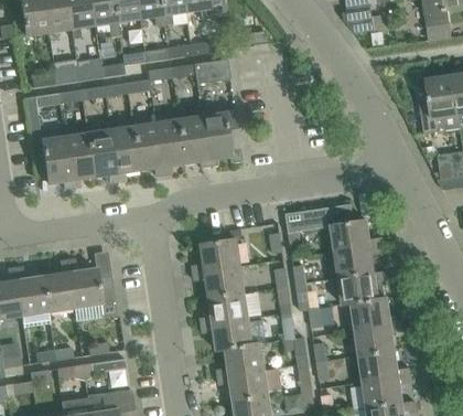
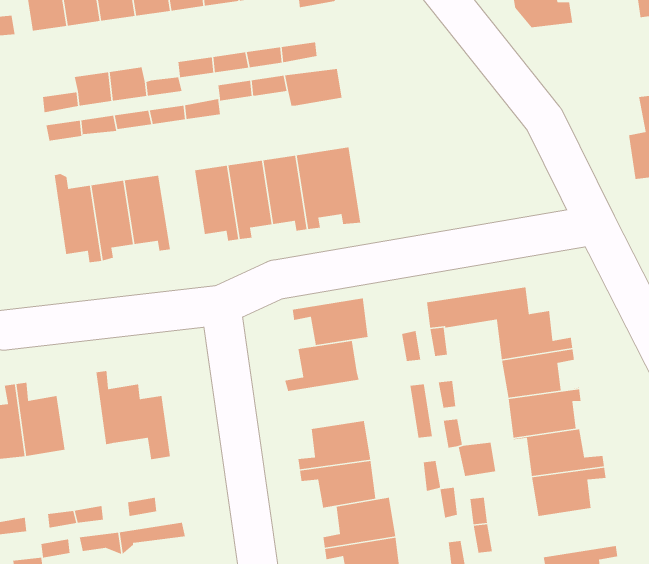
building: [108,126,138,179] -> none
building: [41,259,73,311] -> none
building: [193,265,244,297] -> [292,297,369,346]
building: [358,350,410,382] -> none

